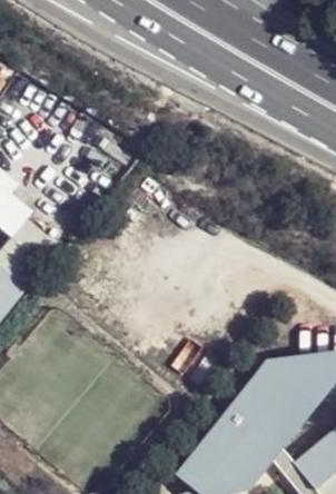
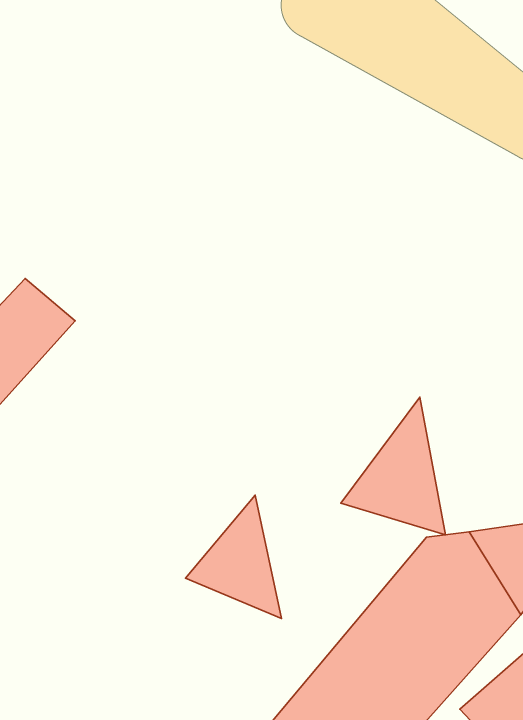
building: none -> [341,397,446,535]
building: none -> [185,495,281,619]

